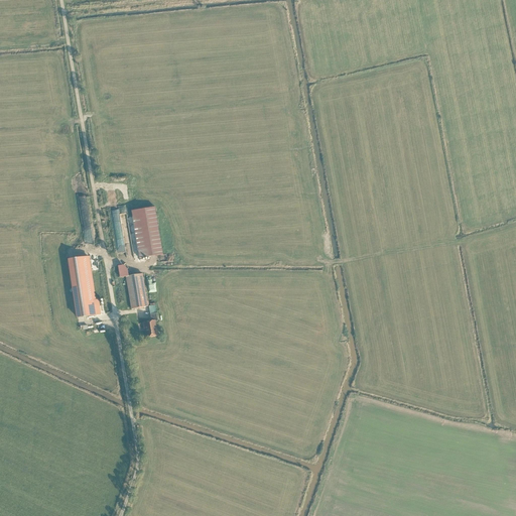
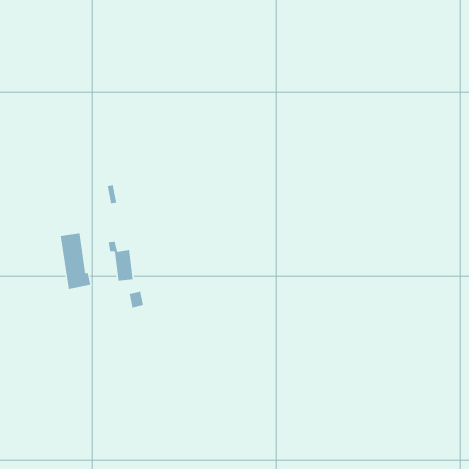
building: [132,206,162,256] -> none

